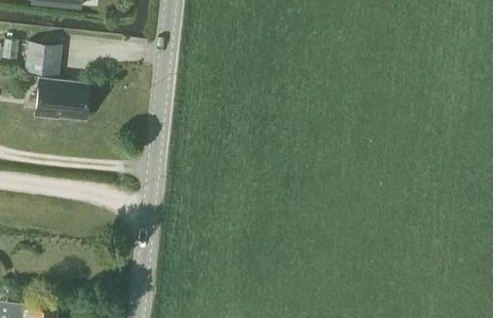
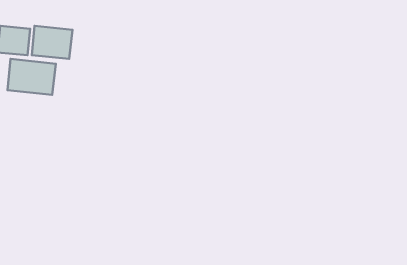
building: none -> [32,26,72,59]

